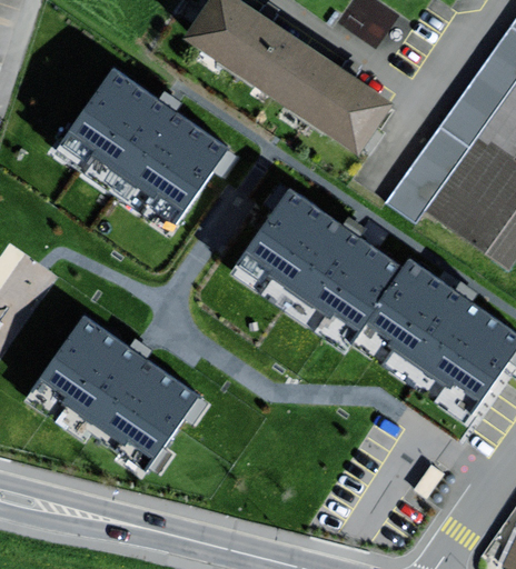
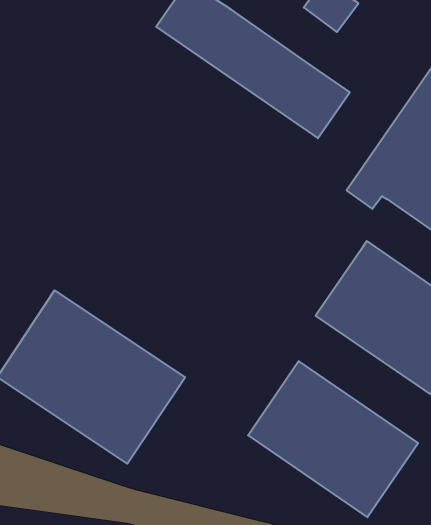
building: [44,60,237,242] -> none
building: [234,191,400,348] -> none
building: none -> [248,361,418,517]

